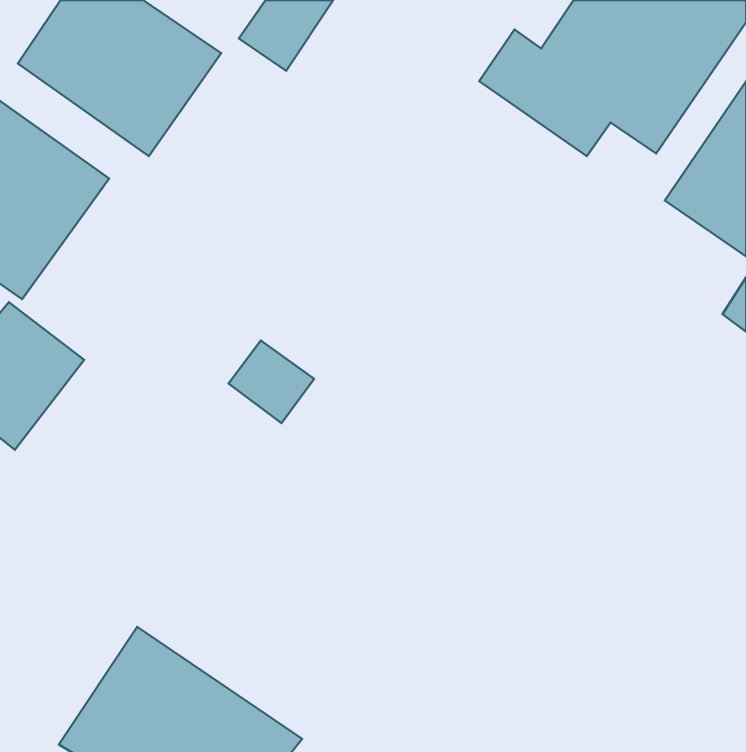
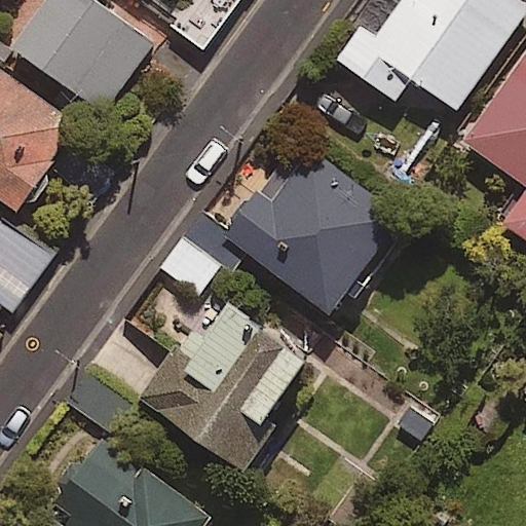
building: none -> [227,151,401,313]
building: none -> [147,297,308,466]

